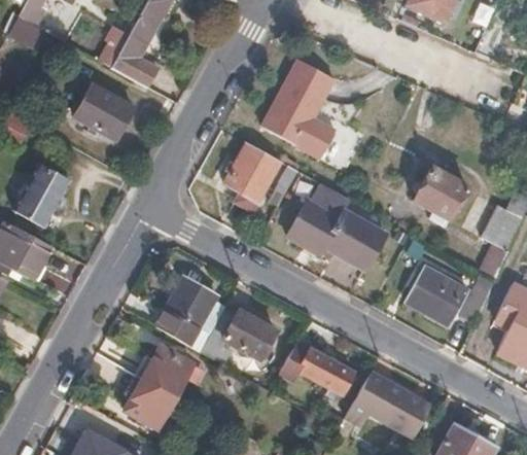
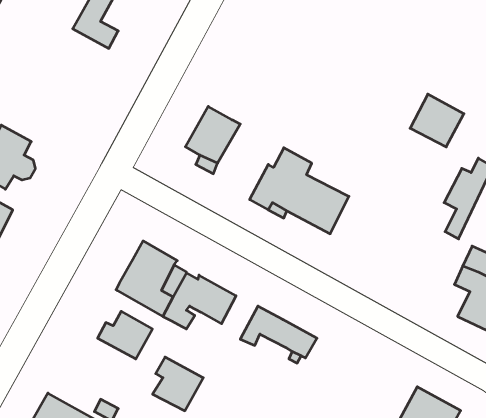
building: [261,59,336,159] -> none
building: [73,83,132,138] -> none
building: [414,168,467,220] -> [410,94,464,147]
building: [412,281,463,325] -> none
building: [124,374,174,427] -> [153,357,203,411]
building: [345,374,429,436] -> none

